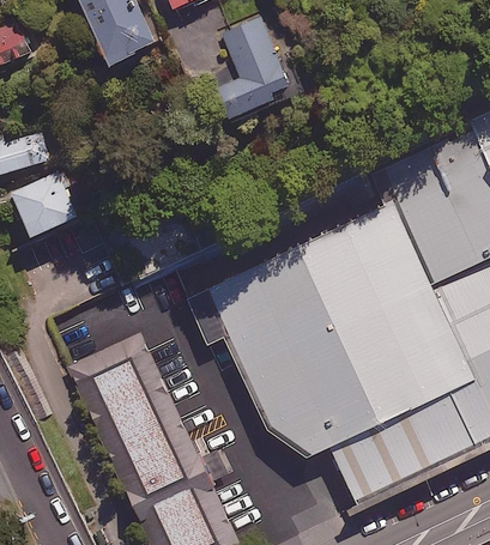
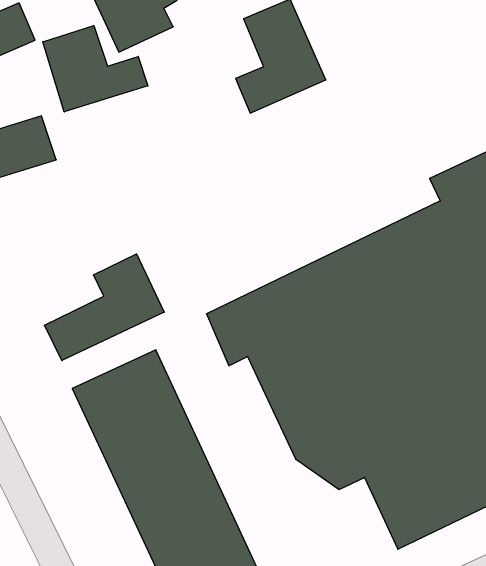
building: none -> [43,26,148,112]
building: [12,170,80,237] -> none
building: none -> [45,254,164,361]

